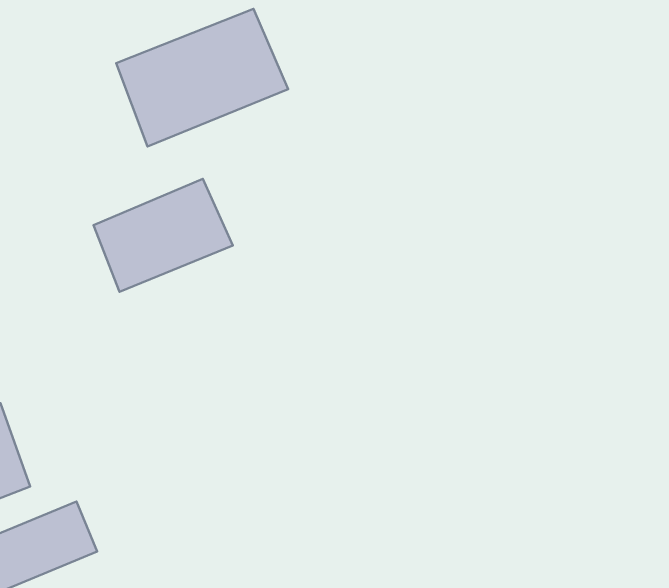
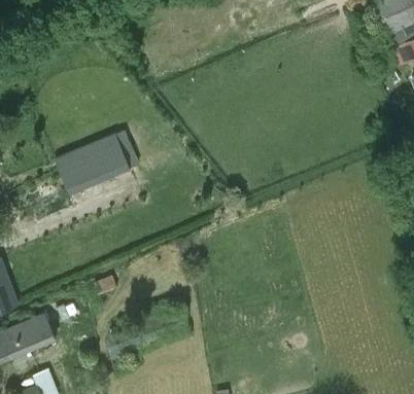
building: [116,9,288,147] -> none

